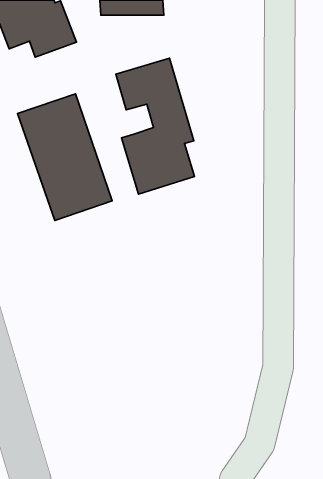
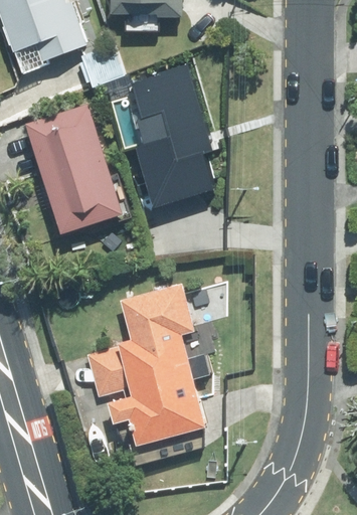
building: none -> [84,282,211,446]

